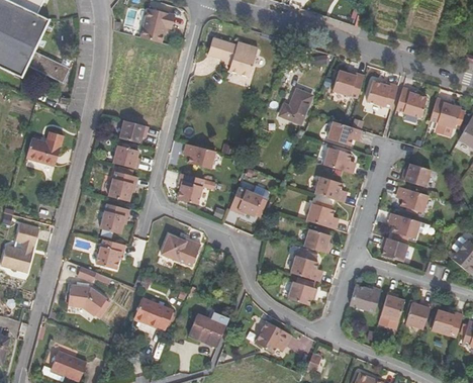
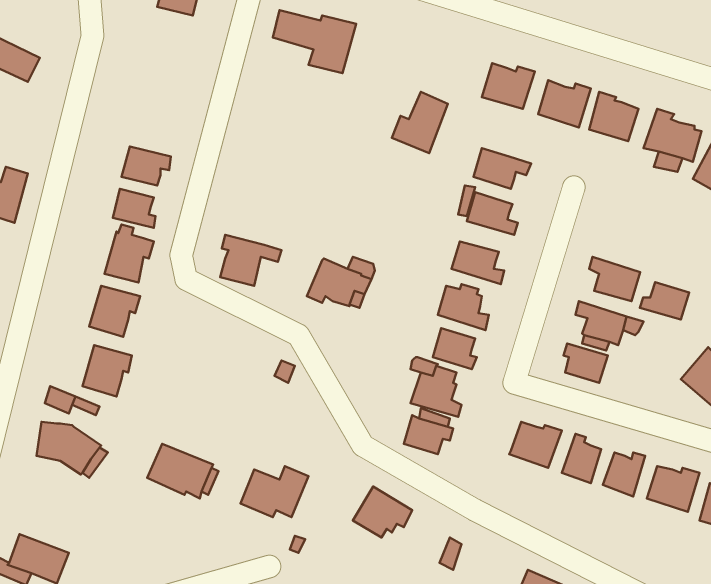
building: [184,143,214,168] -> none
building: [400,164,430,186] -> [640,282,689,320]
building: [161,234,200,267] -> none

